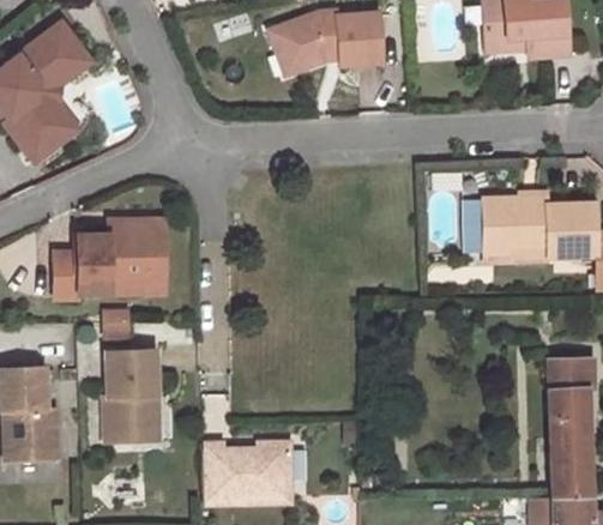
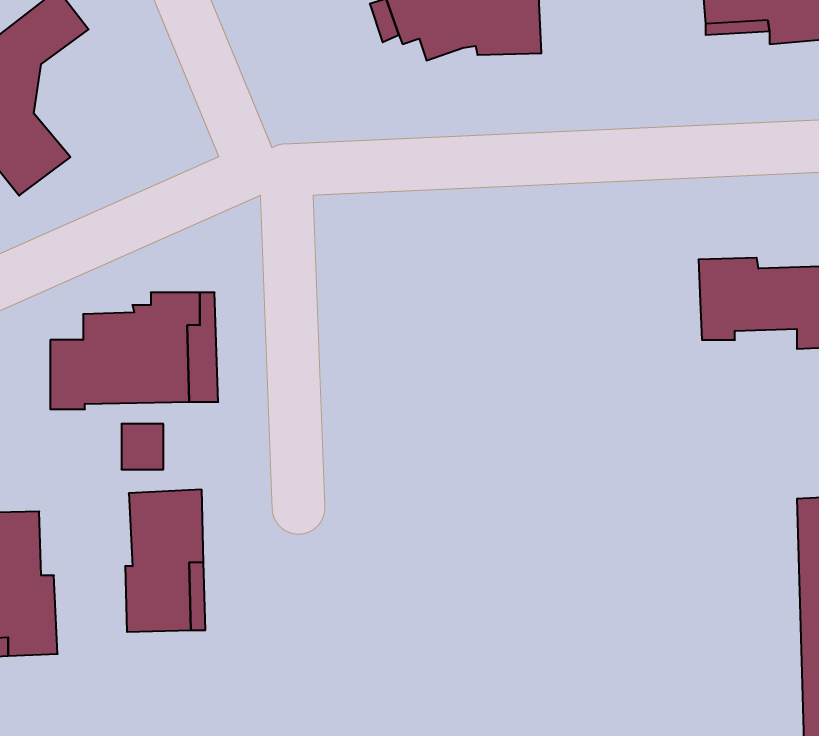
building: [203,440,291,506] -> none

